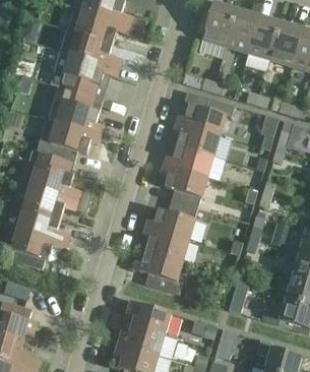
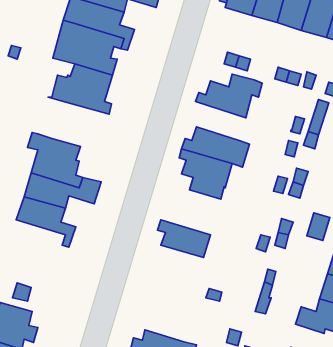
building: [37,118,100,162] -> none
building: [174,122,221,157] -> none
building: [145,200,198,240] -> none
building: [11,227,64,269] -> none
building: [133,249,183,294] -> none
building: [126,301,171,334] -> none

